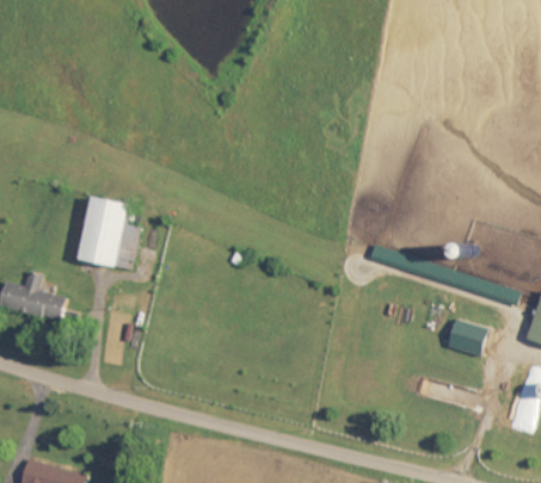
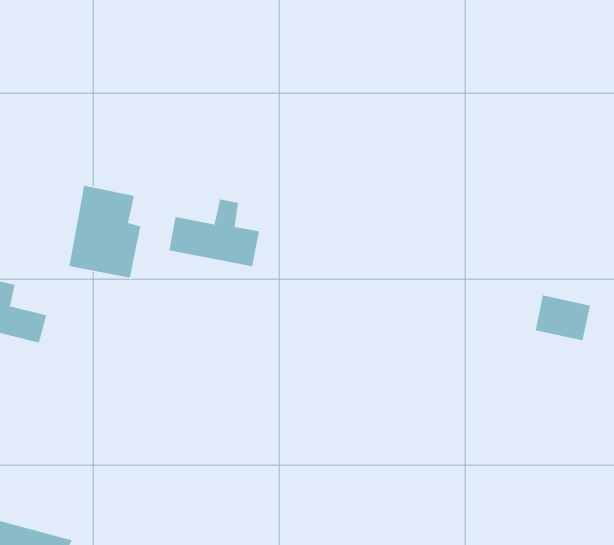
building: none -> [169,199,260,267]
building: [444,320,488,357] -> [535,294,591,341]

